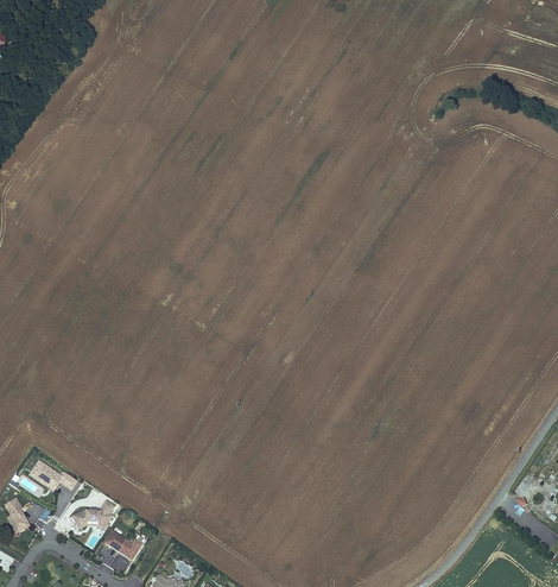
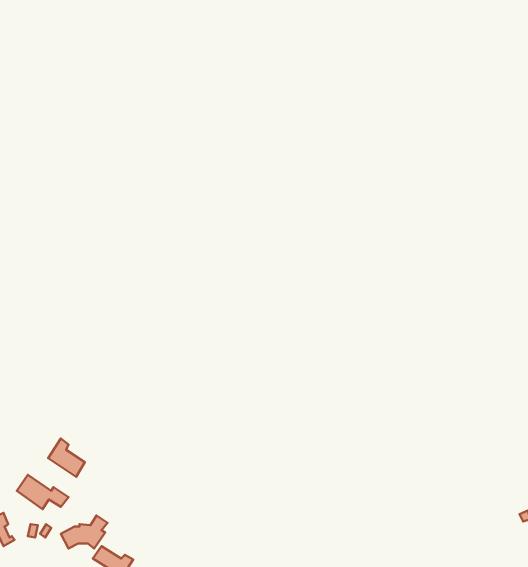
building: none -> [48,439,85,477]

